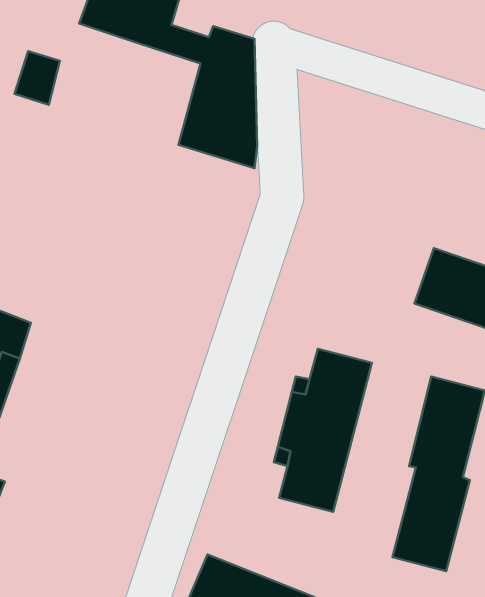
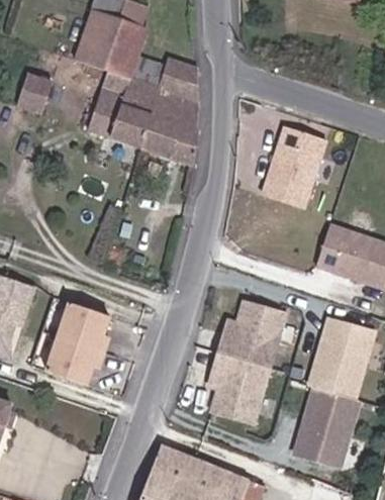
building: none -> [93,76,158,151]
building: none -> [263,130,325,209]
building: none -> [45,300,108,381]

